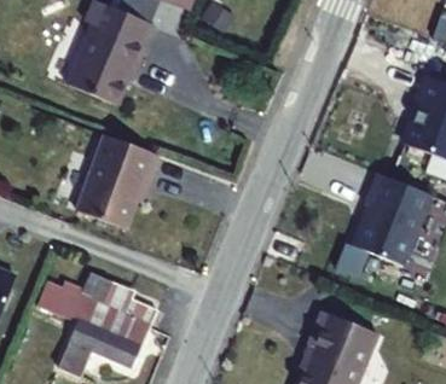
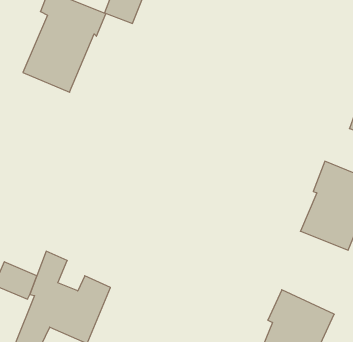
building: [75,134,157,228] -> none

